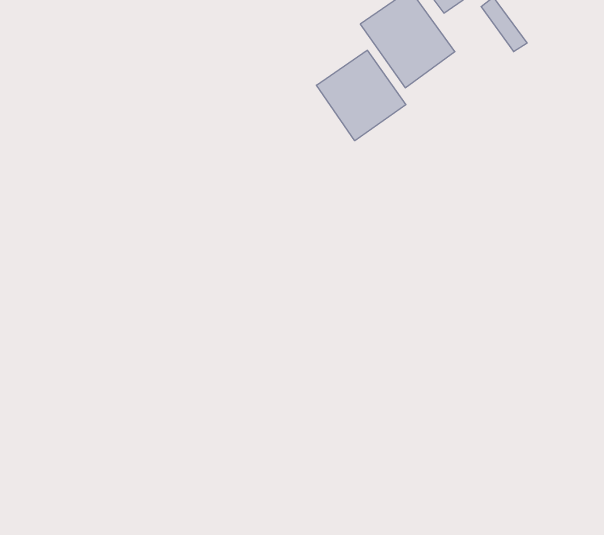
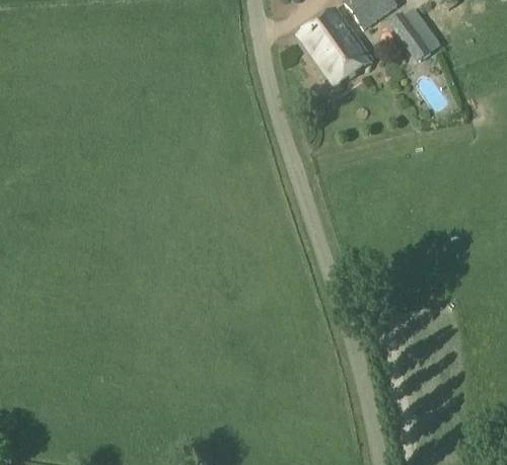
building: [316,50,406,141] -> none

